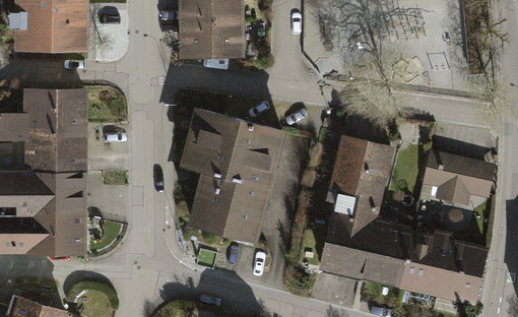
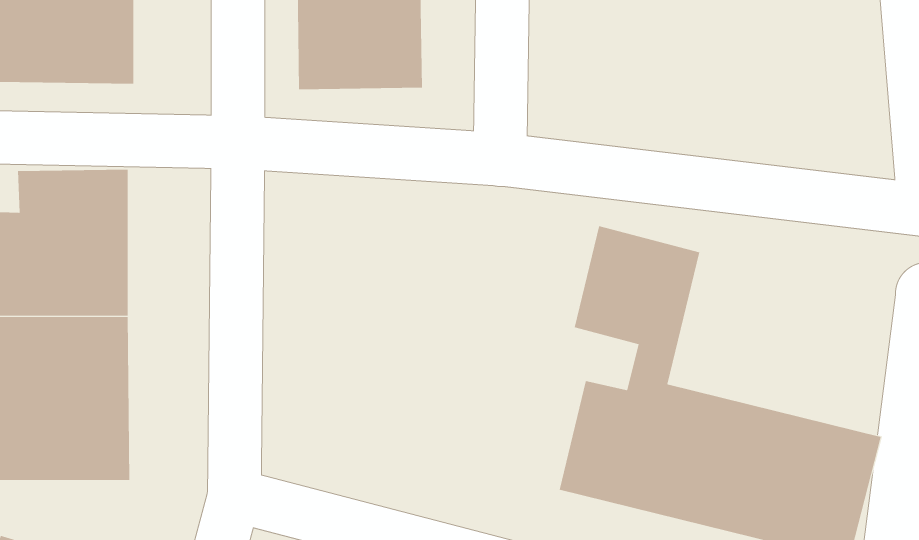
building: [181,103,287,242] -> none
building: [423,153,497,213] -> none

